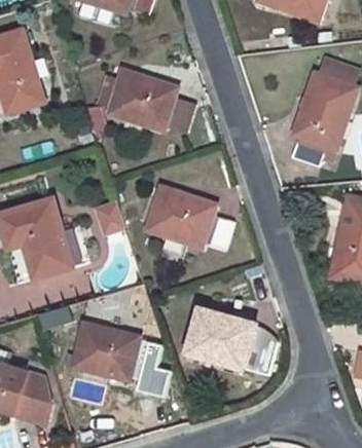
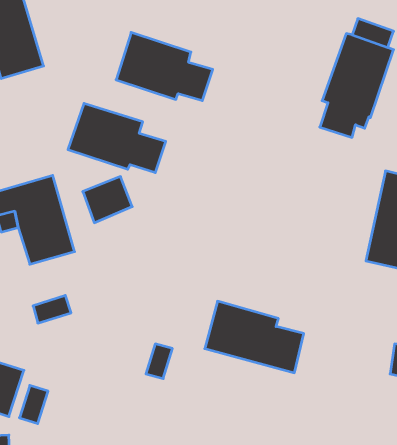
building: [147,188,234,250] -> [68,103,166,173]
building: [73,325,139,380] -> none

